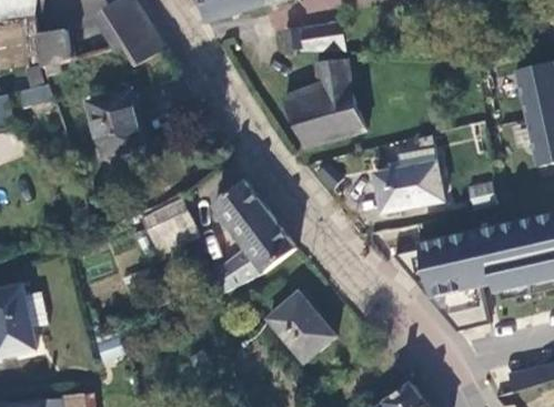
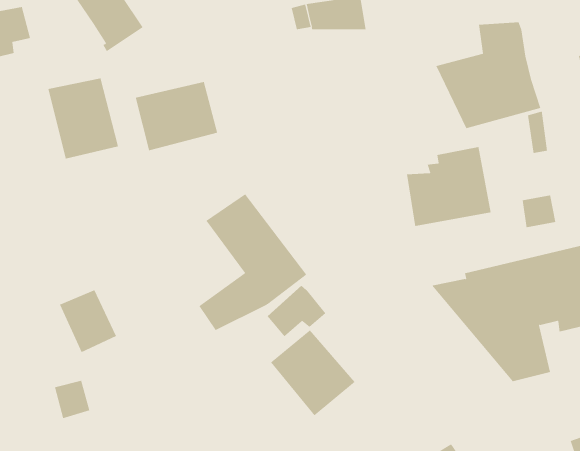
building: [281,59,366,145] -> [435,22,541,129]
building: none -> [135,81,218,151]
building: [152,200,199,251] -> [59,289,117,353]
building: none -> [267,285,326,337]

